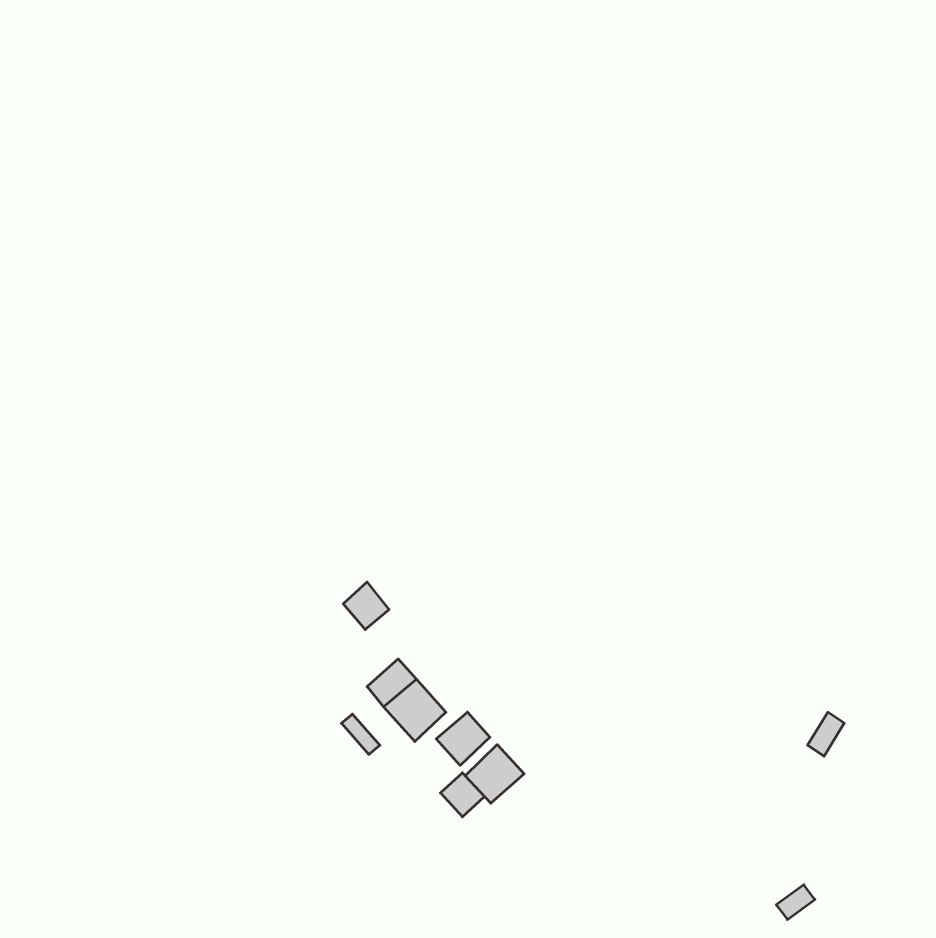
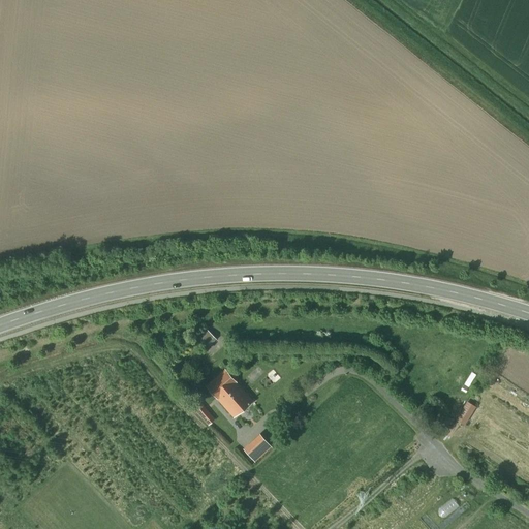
building: [436,712,490,765] -> none
building: [465,745,524,803] -> none

